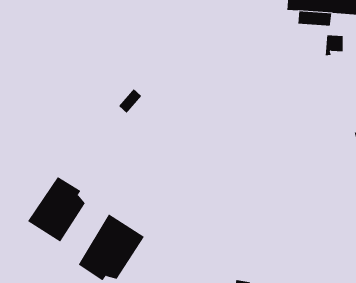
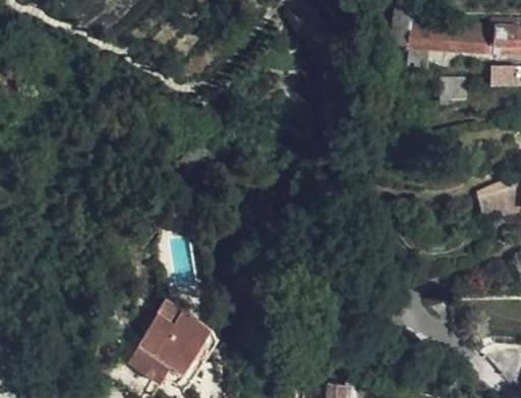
building: [27,176,85,243] -> none

